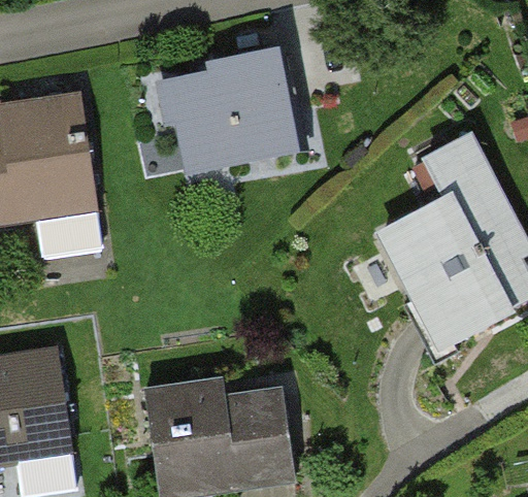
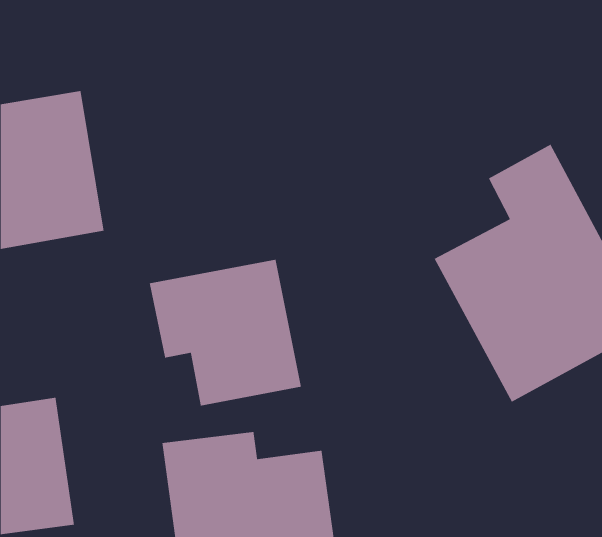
building: [152,49,300,179] -> none
building: none -> [149,259,302,406]

